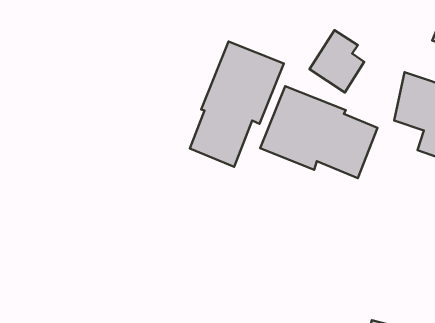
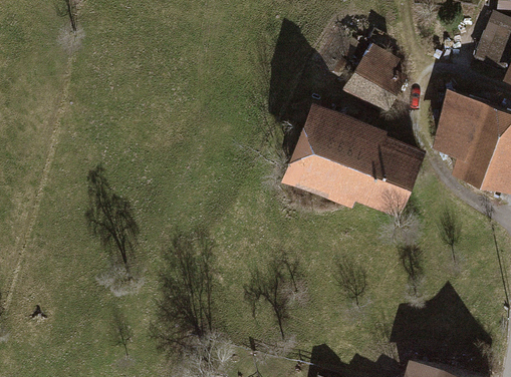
building: [190,41,284,167] -> none

